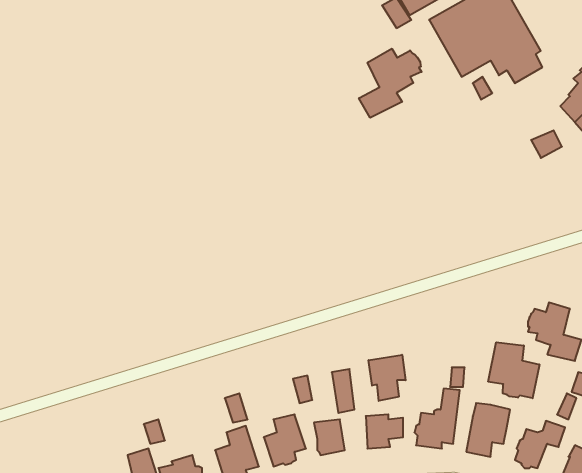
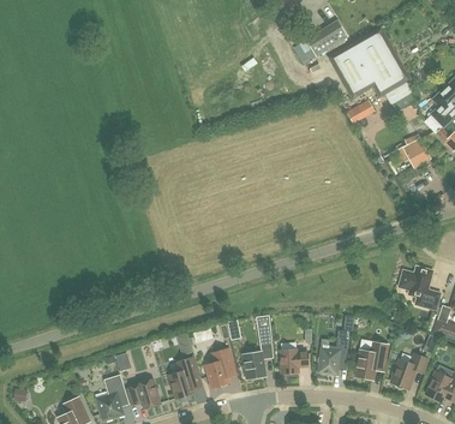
building: [359,49,422,118] -> none
building: [488,342,539,398] -> none
building: [369,355,406,401] -> none

